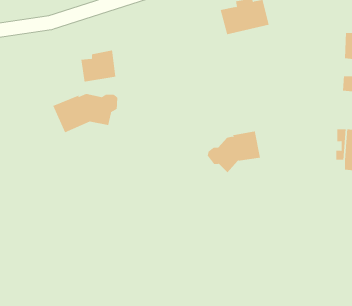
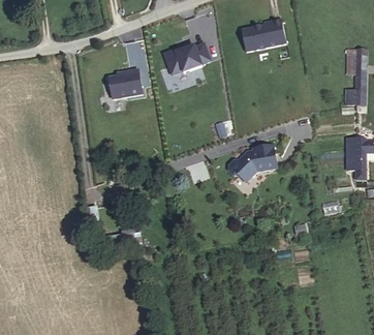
building: none -> [161,41,210,75]
building: [53,93,118,133] -> none

